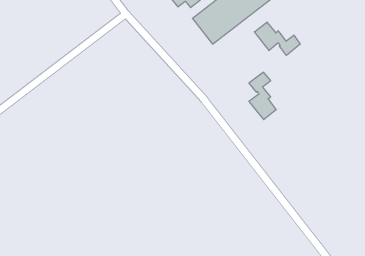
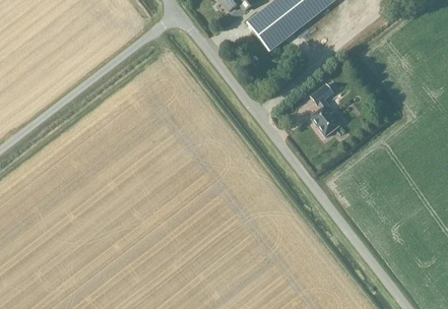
building: [254,22,300,55] -> none

